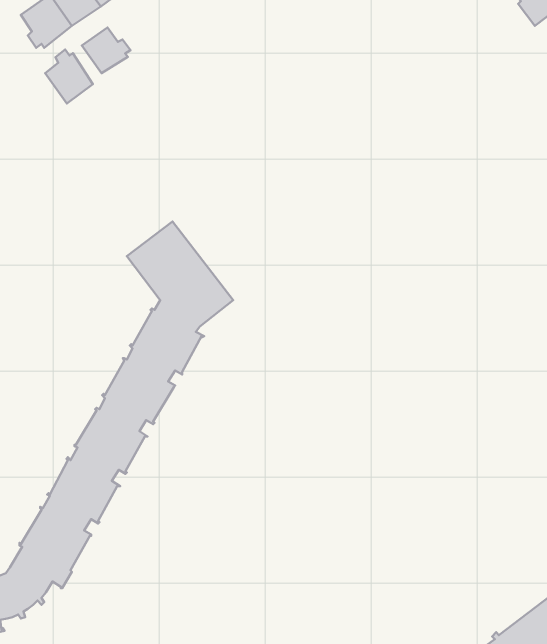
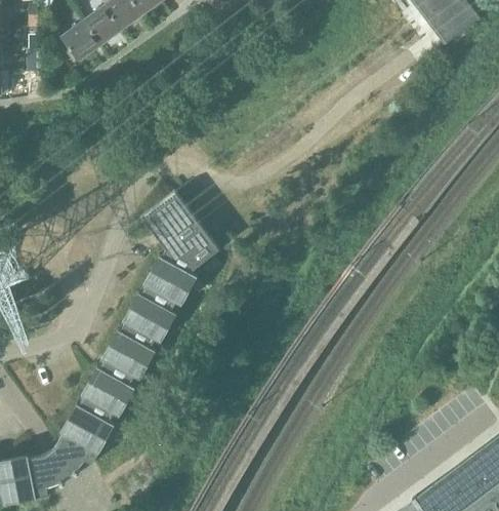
building: [82,28,130,73] -> none
building: [45,50,93,104] -> none

